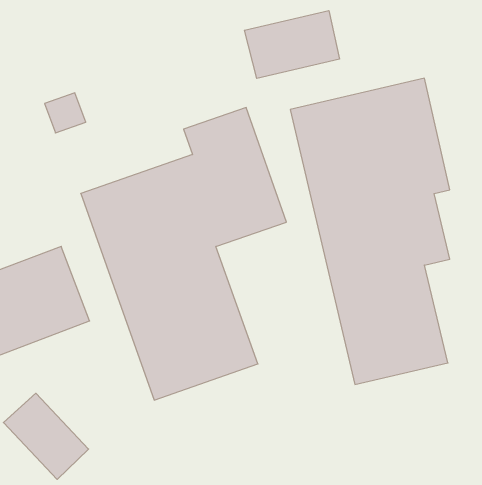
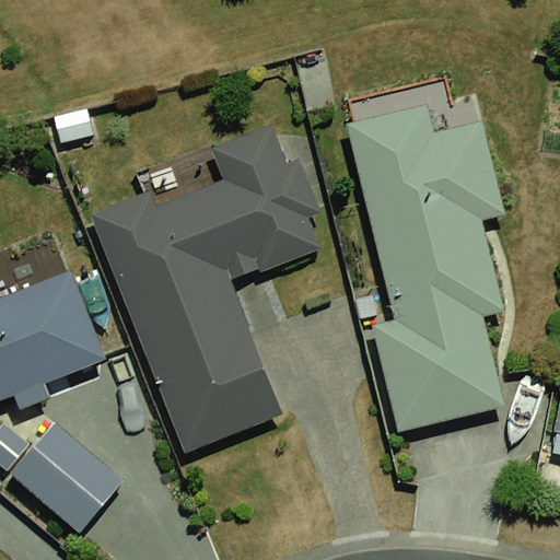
building: [244,11,339,78] -> none

